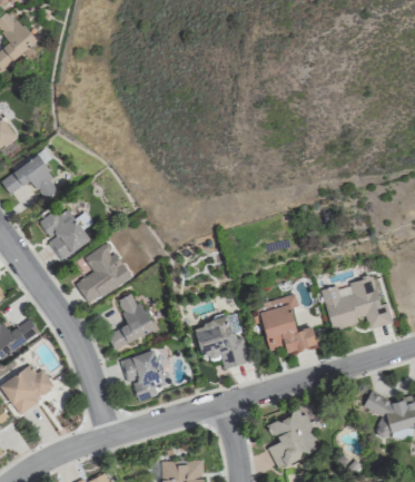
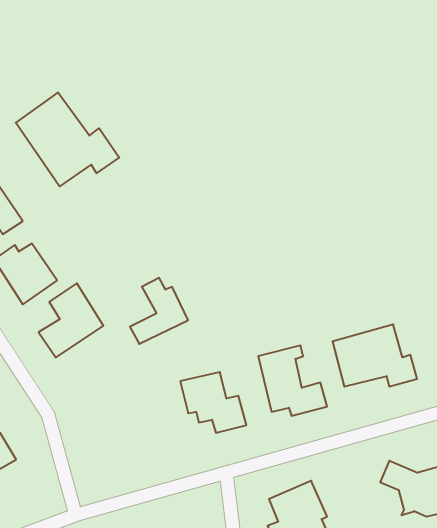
building: none -> [16,92,119,186]
building: [107,294,156,350] -> [130,278,188,344]
building: [122,350,166,401] -> none

